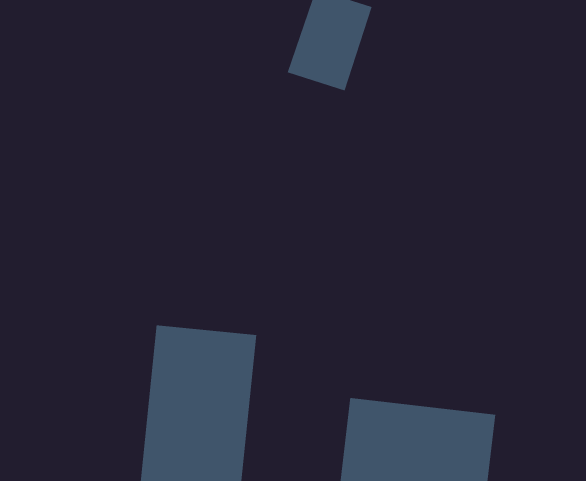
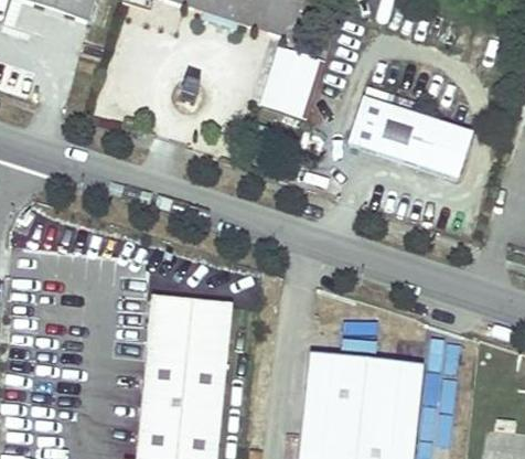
building: none -> [347,84,470,175]

